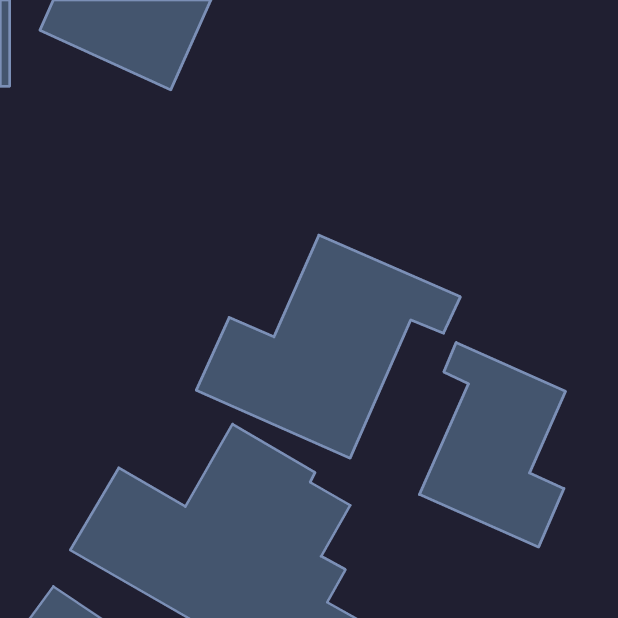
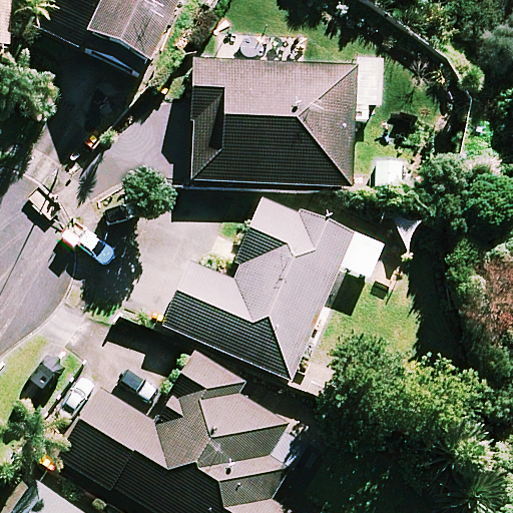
building: none -> [191,60,382,185]
building: [419,342,565,547] -> none

